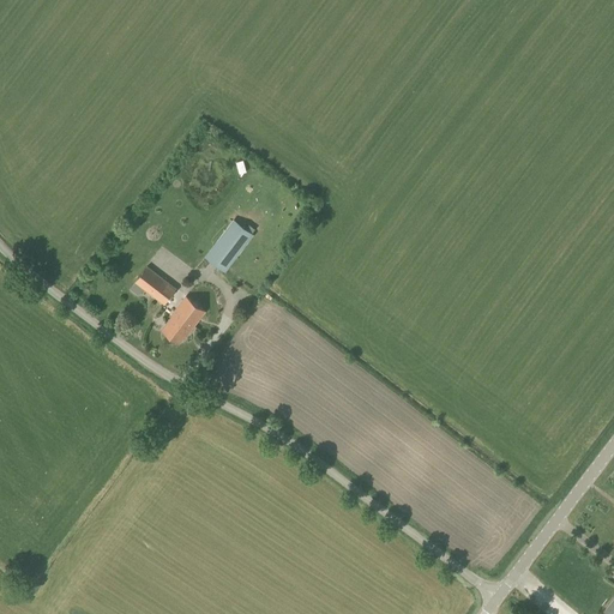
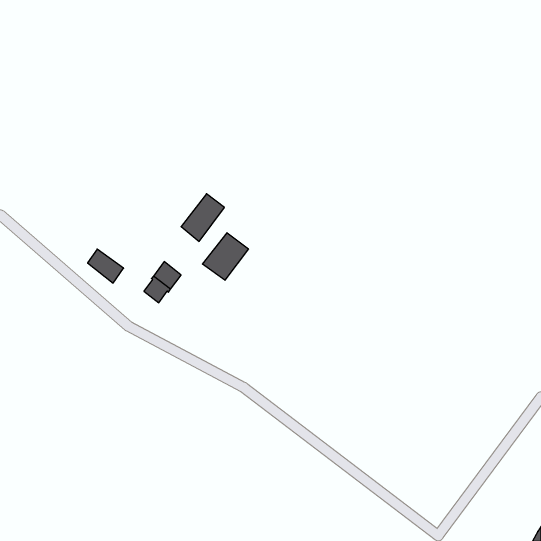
building: none -> [202,233,248,280]
building: [136,266,176,305] -> [88,249,124,283]

